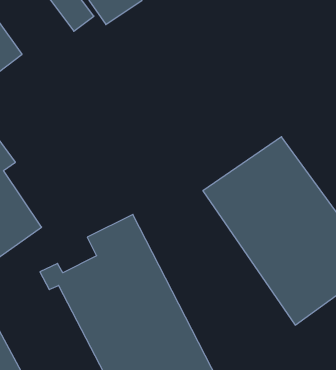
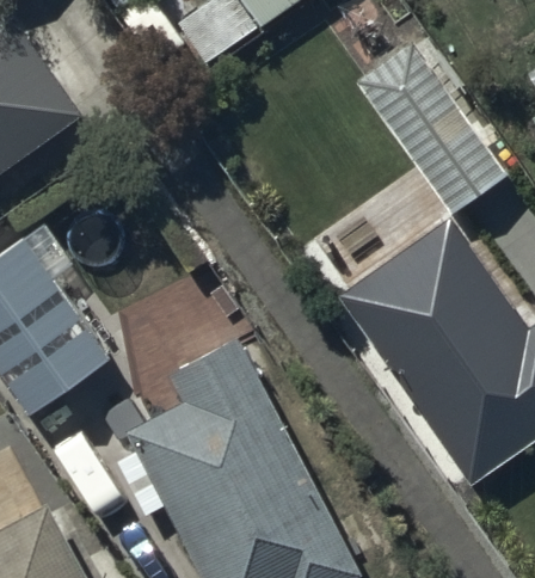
building: none -> [356,47,504,217]

